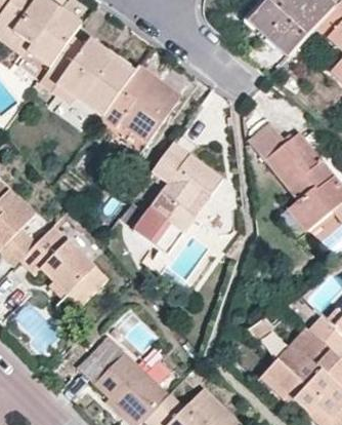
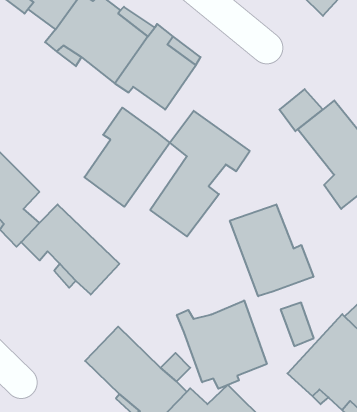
building: none -> [84,108,170,207]
building: none -> [230,204,313,296]
building: none -> [177,300,267,389]

